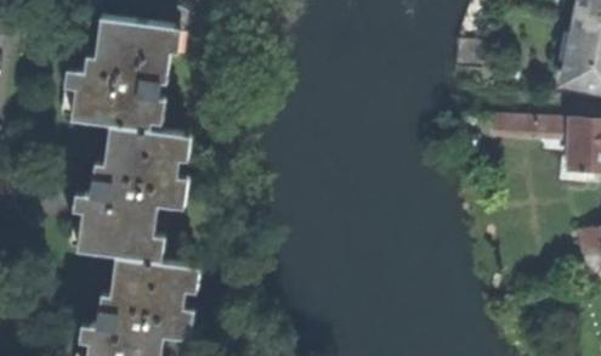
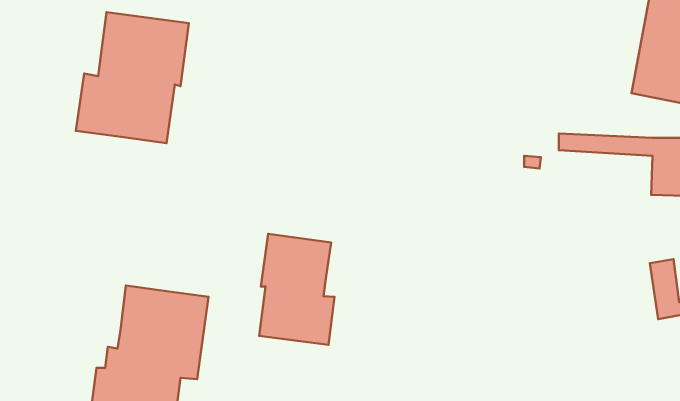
building: [80,124,188,259] -> none
building: none -> [259,234,334,345]

